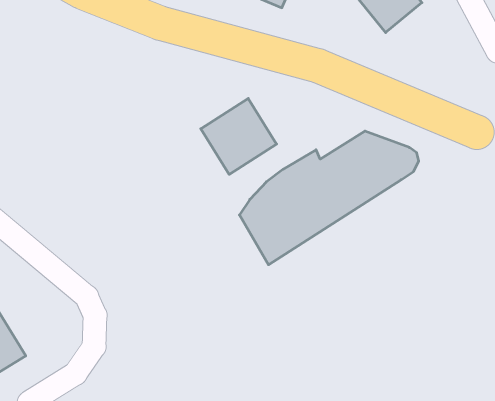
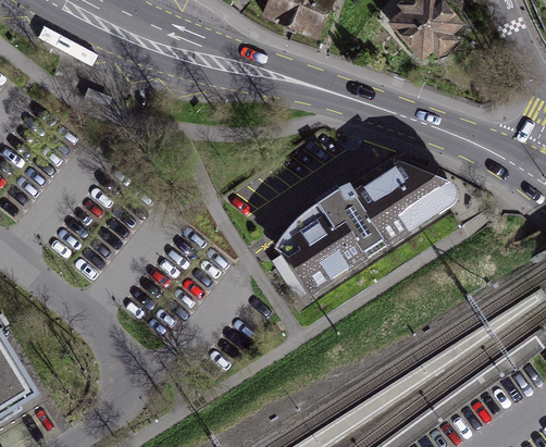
building: [201,98,277,174] -> none

